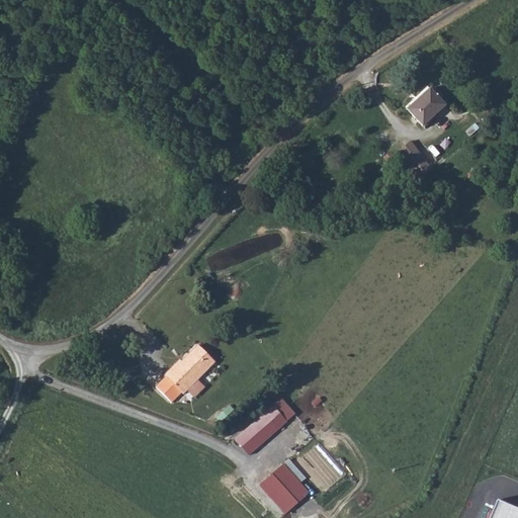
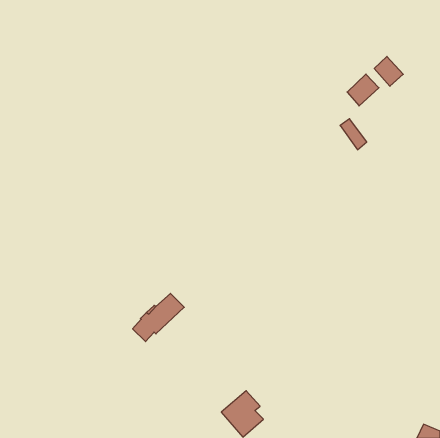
building: none -> [374,56,403,86]
building: [234,398,294,454] -> none

